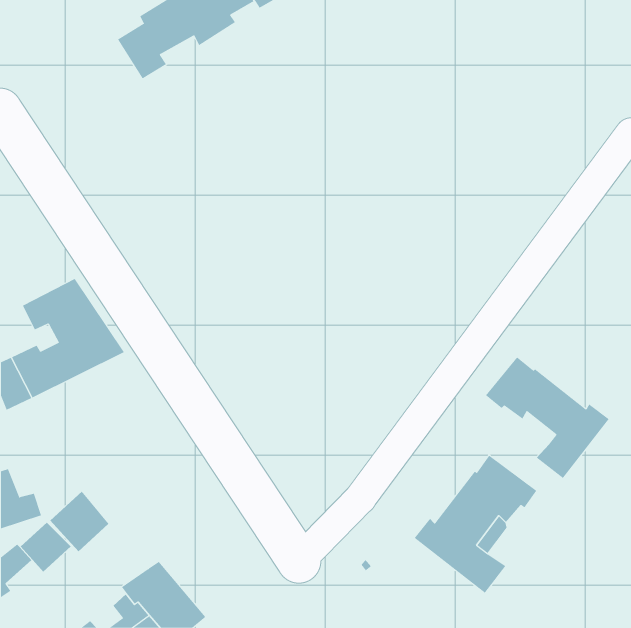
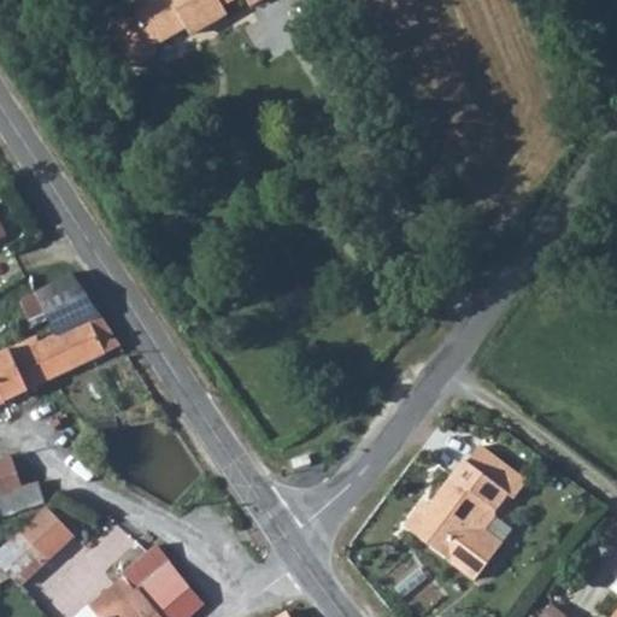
building: [485,356,609,479] -> none
building: [49,491,109,552] -> none

